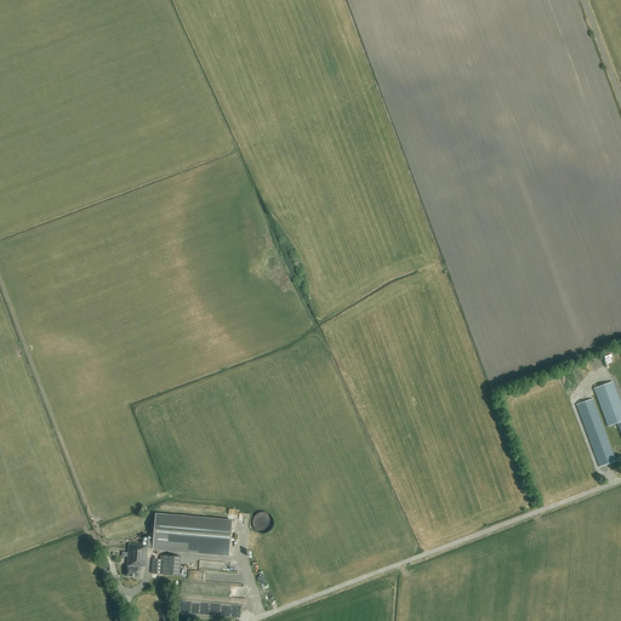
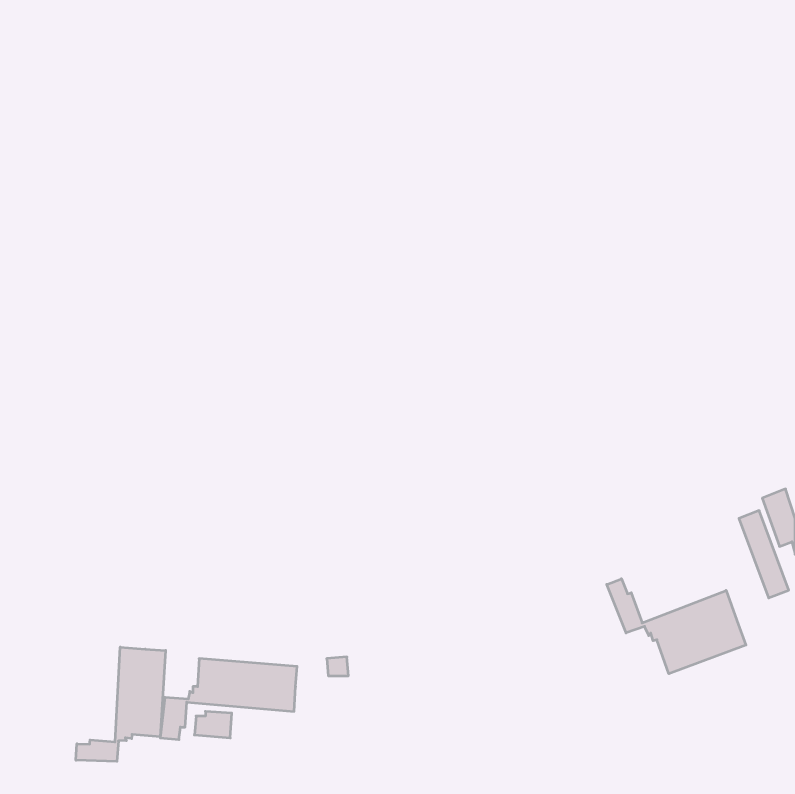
building: none -> [607,579,746,674]
building: none -> [76,647,166,761]

